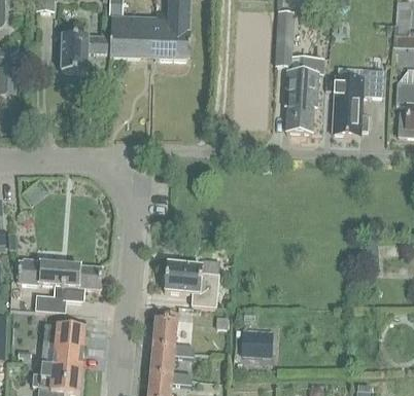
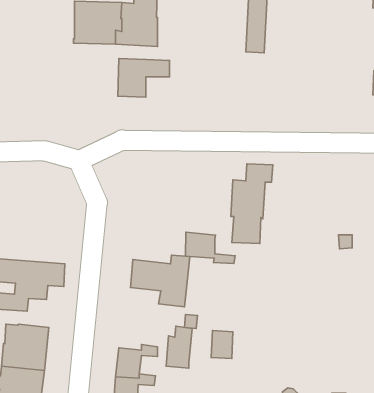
building: [61,35,110,72] -> [118,58,169,97]
building: [284,56,324,132] -> [231,164,273,243]
building: [332,68,385,135] -> none
building: none -> [186,232,235,264]
building: [152,310,177,350] -> [166,326,192,368]

